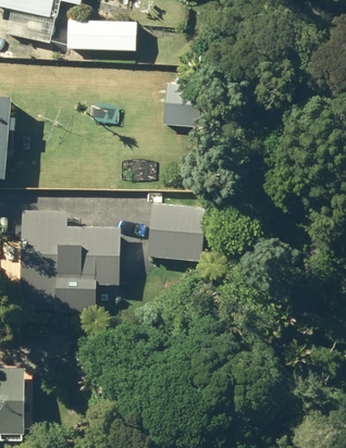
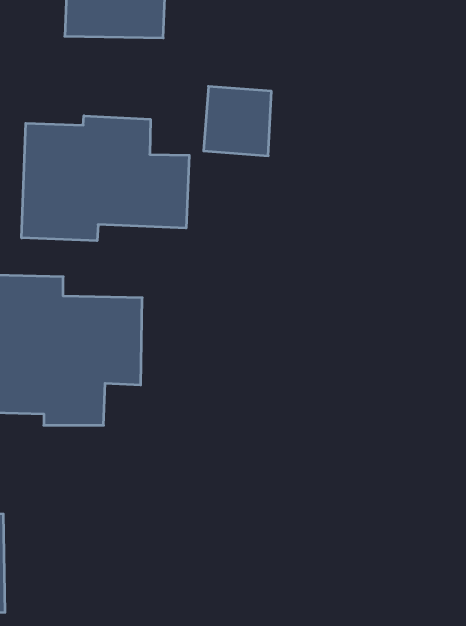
building: none -> [22,116,189,241]
building: [147,202,207,261] -> none

